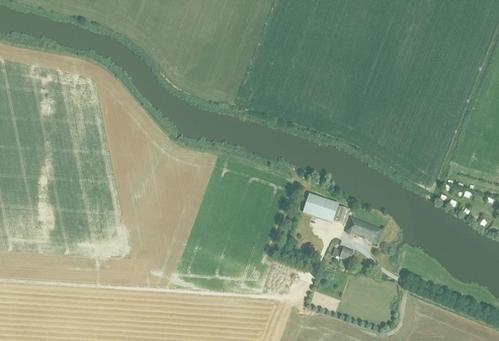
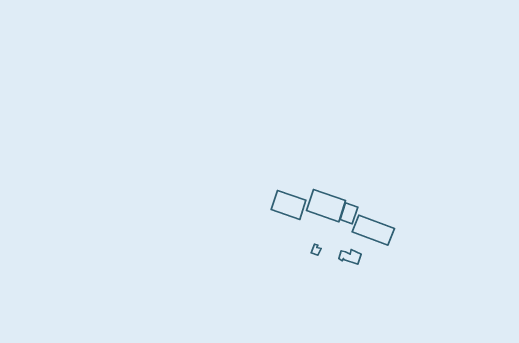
building: none -> [271,190,306,219]

